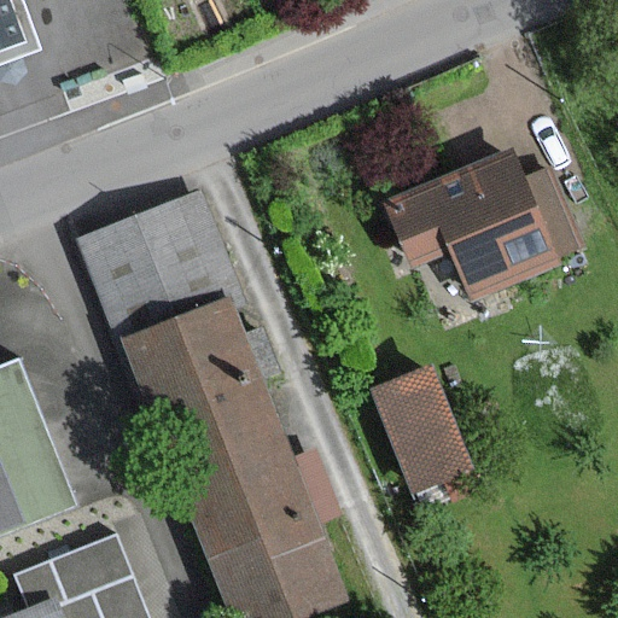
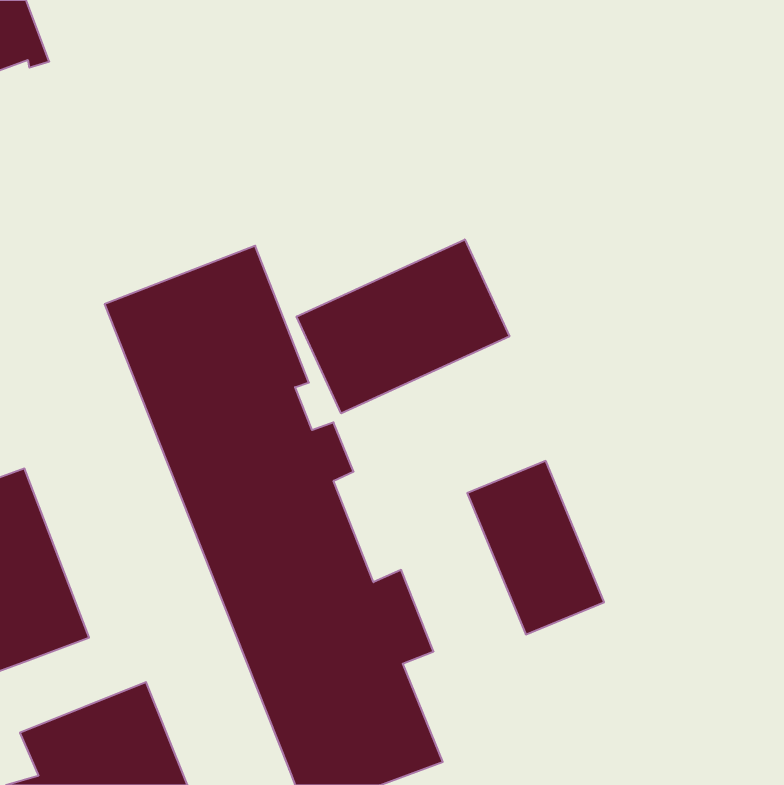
building: [384,147,584,296] -> none
building: none -> [297,239,509,413]

